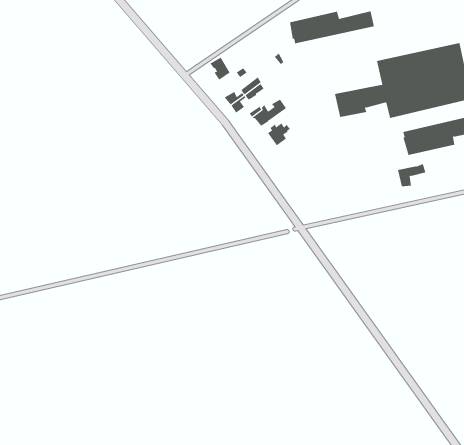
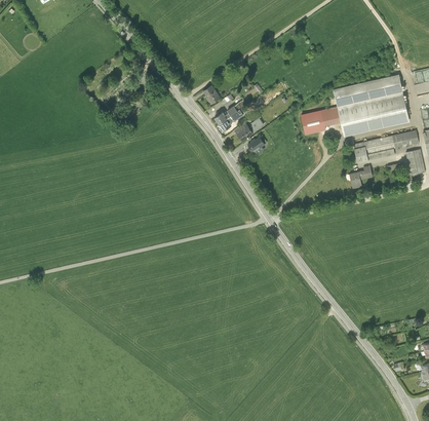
building: [290,11,375,44] -> none

